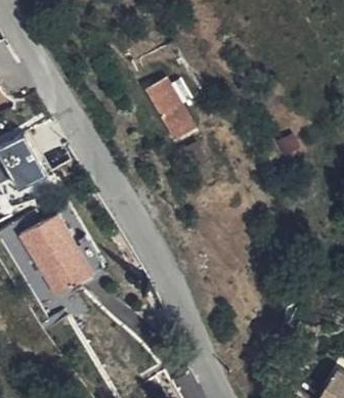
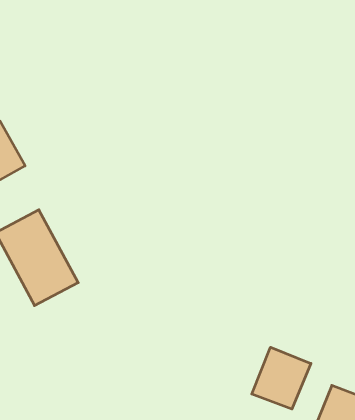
building: [148,79,195,139] -> none
building: none -> [252,347,311,409]

